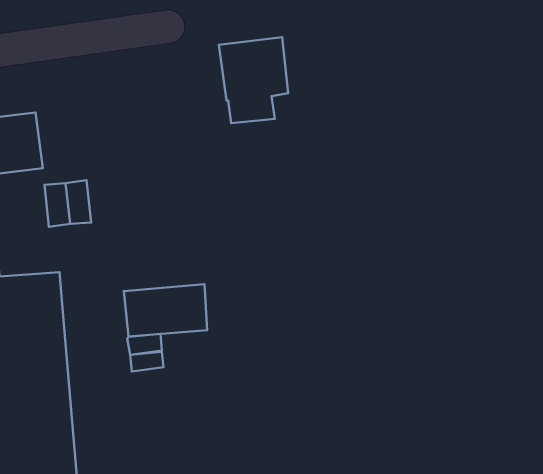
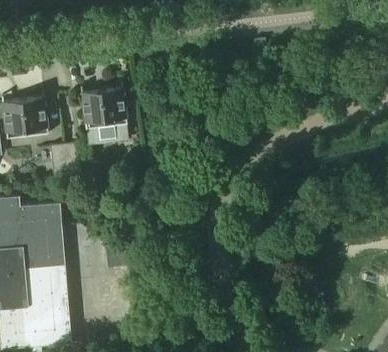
building: [219,37,288,123] -> [81,86,127,143]
building: [124,284,207,337] -> none

